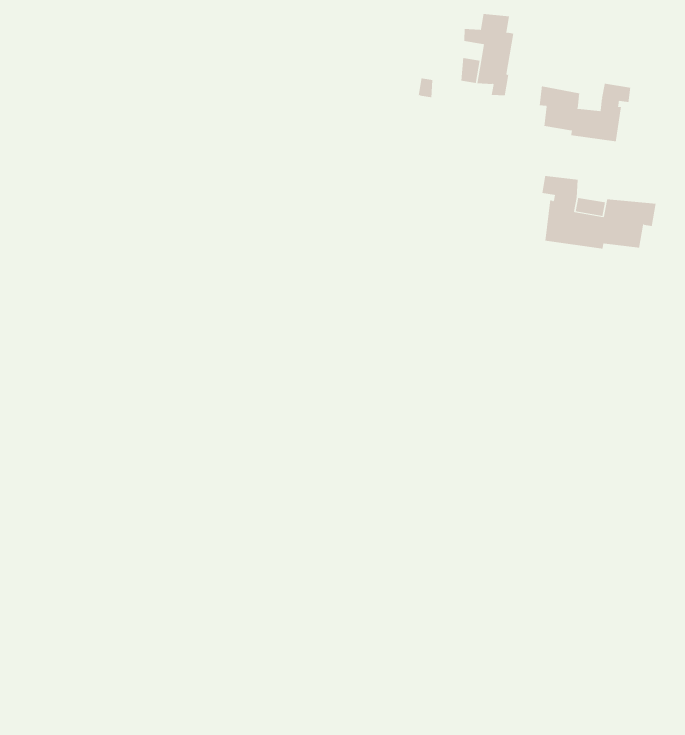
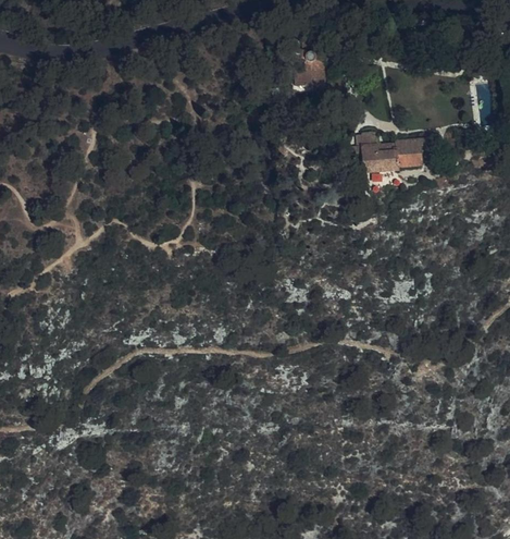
building: [539,83,631,142] -> none

